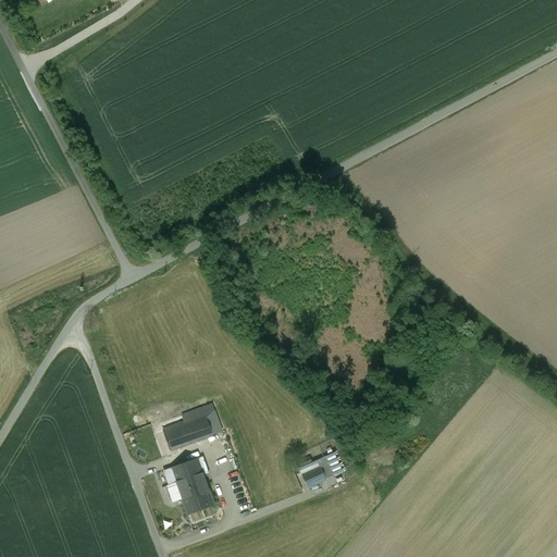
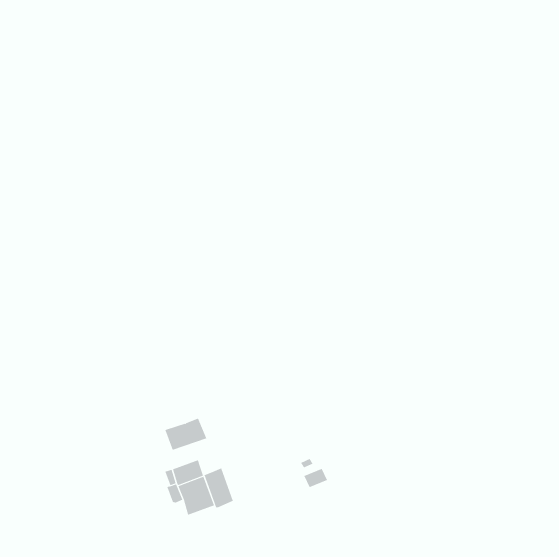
building: [183,403,221,435] -> none
building: none -> [204,467,234,508]

